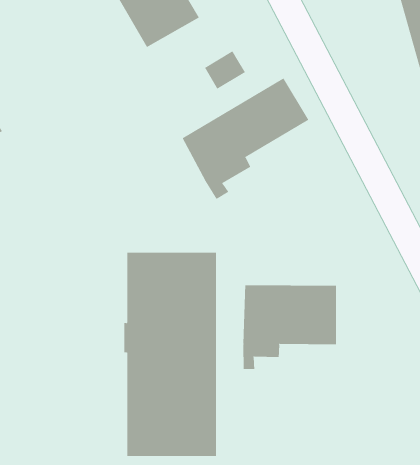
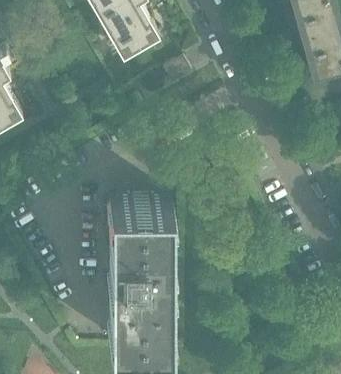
building: [182,77,309,200] -> none
building: [243,284,337,370] -> none

